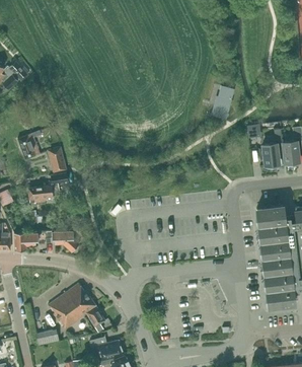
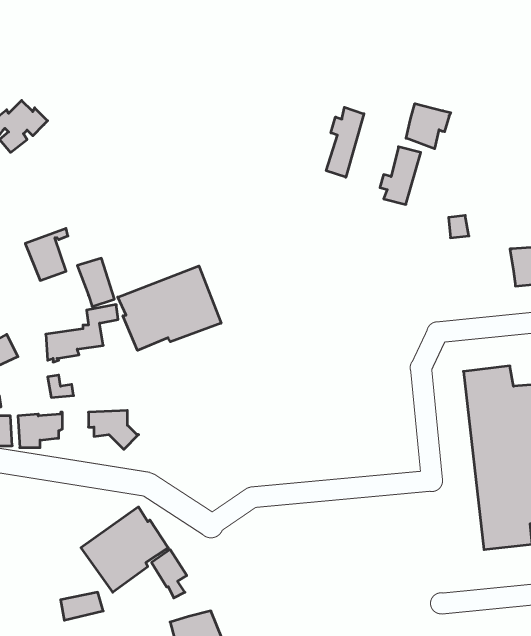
building: none -> [406,104,451,149]
building: none -> [326,107,364,177]
building: [258,139,284,165] -> none
building: none -> [118,266,221,350]

